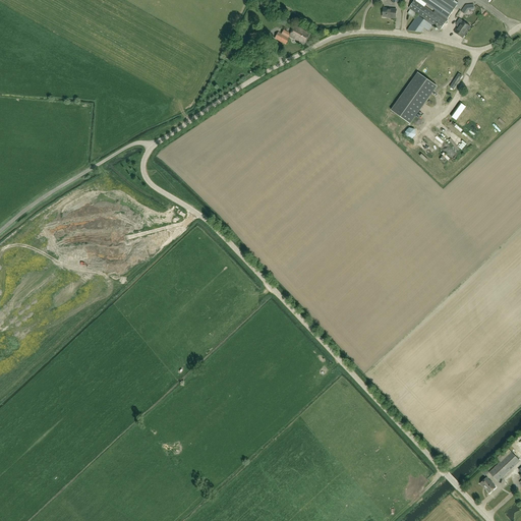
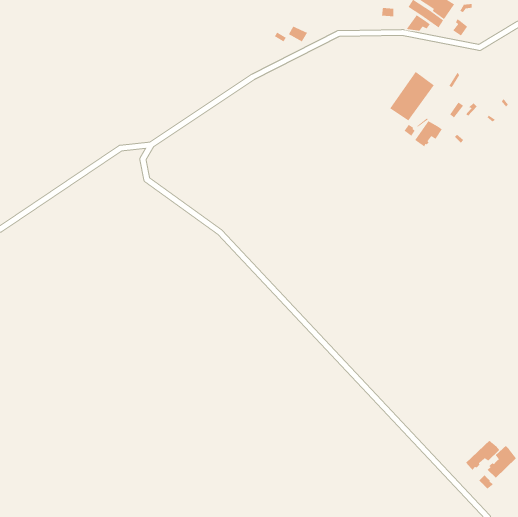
building: none -> [414,120,443,148]
building: none -> [465,440,500,471]

